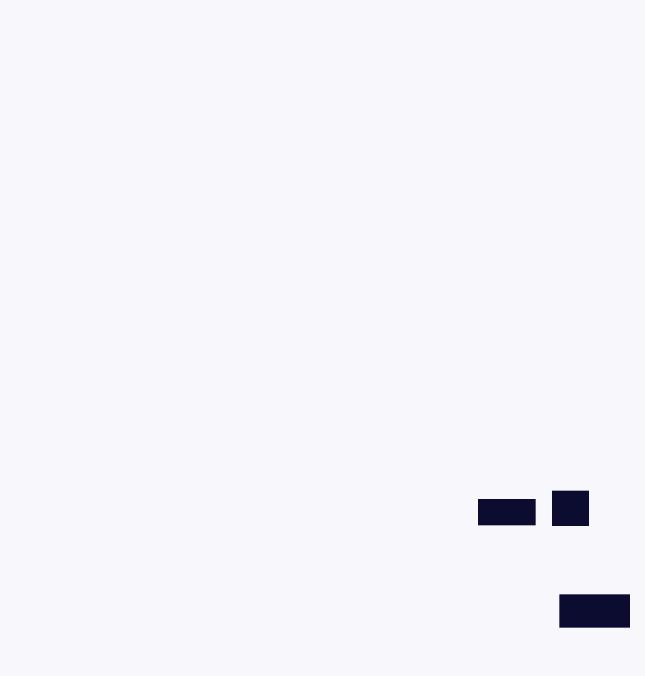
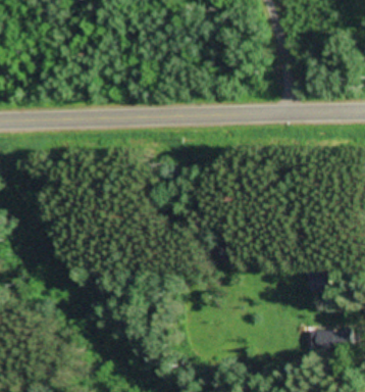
building: [477,498,536,526] -> none

